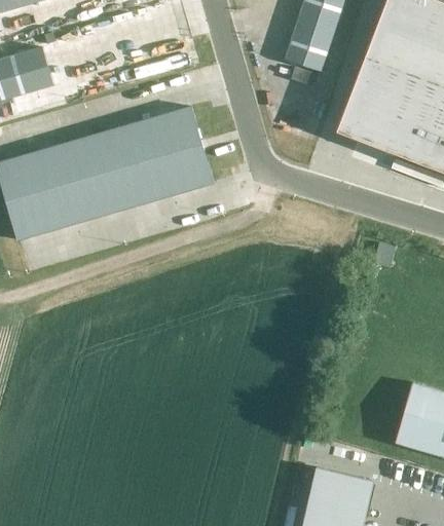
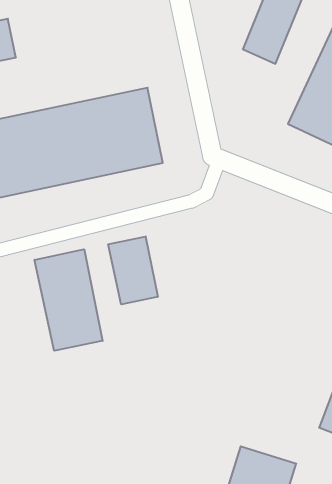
building: none -> [108,236,158,304]
building: none -> [35,249,103,351]

